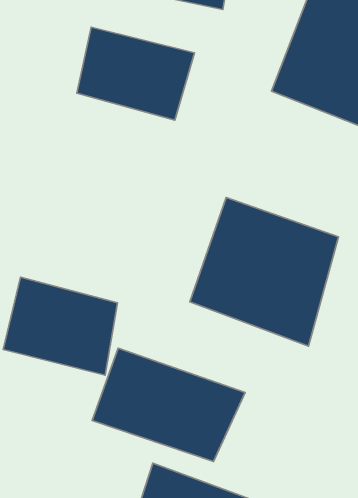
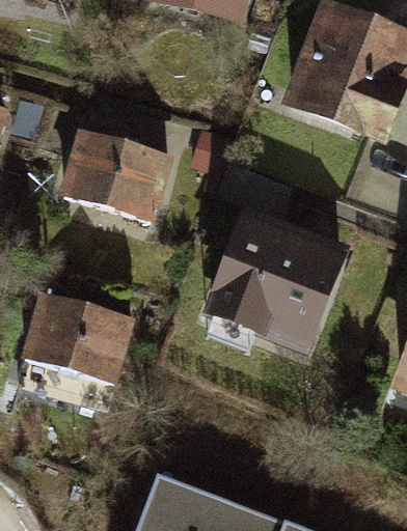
building: [77,27,194,120] -> [61,129,180,222]
building: [92,348,245,462] -> none

